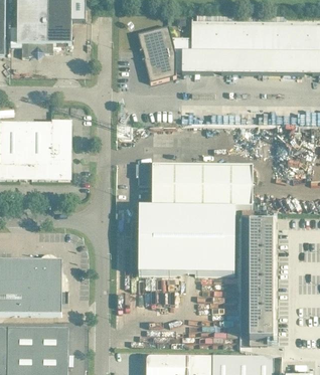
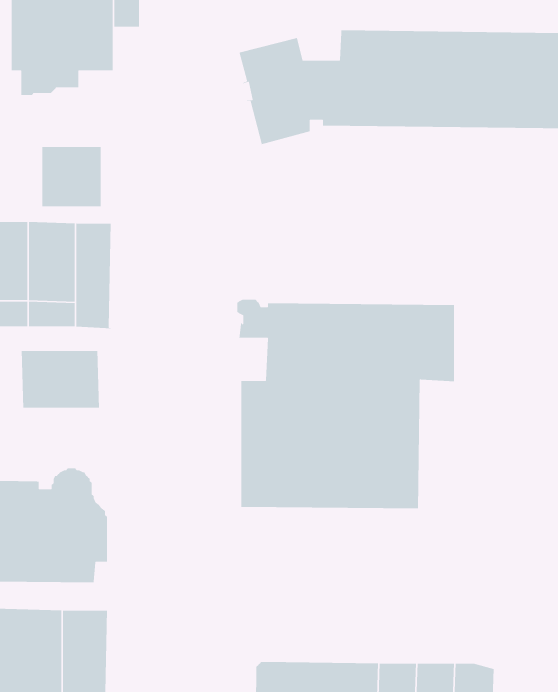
building: none -> [41,146,102,207]
building: none -> [21,350,100,409]
building: [249,220,272,338] -> none

